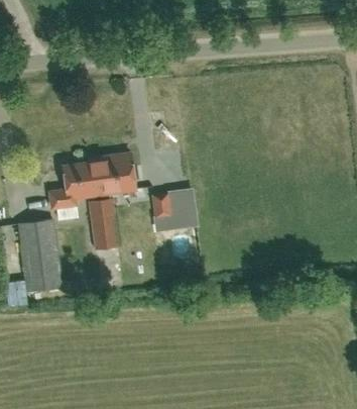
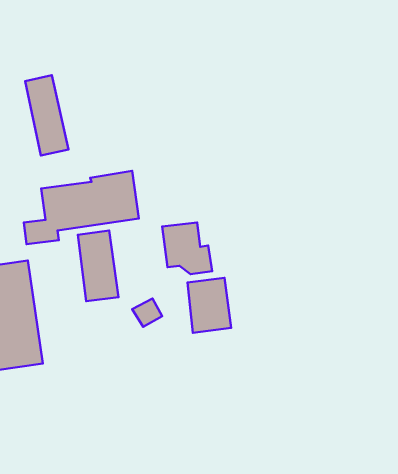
building: none -> [25,75,68,156]
building: none -> [187,278,231,333]

